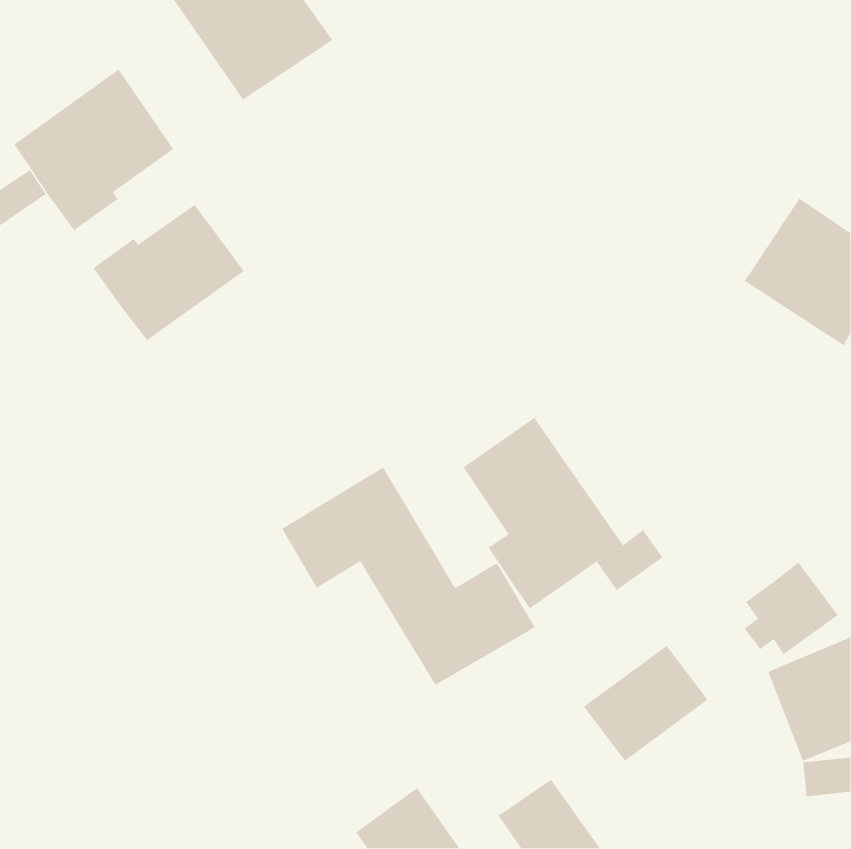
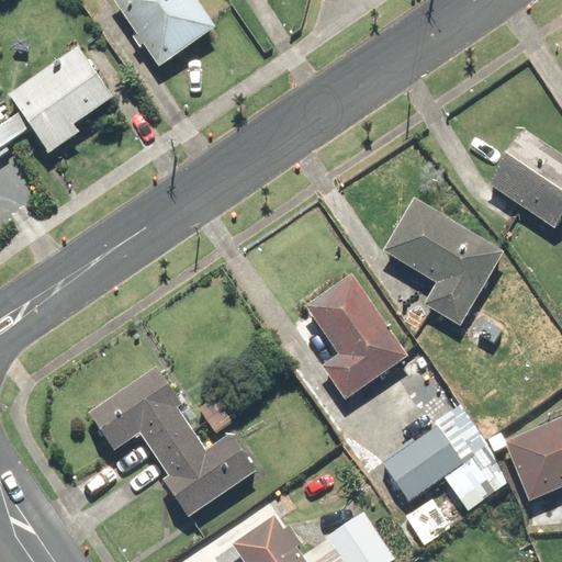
building: [93,204,245,341] -> none
building: none -> [384,199,503,326]
building: [281,467,536,686] -> [90,369,257,513]
building: [743,562,839,655] -> [443,447,506,508]

